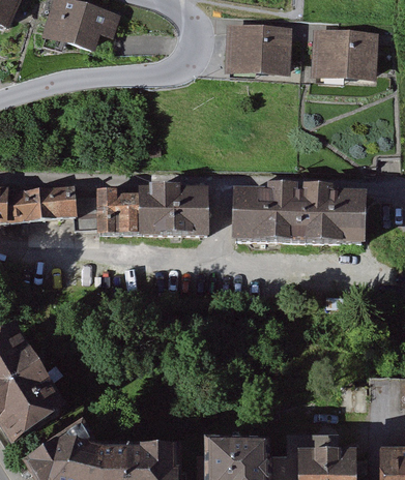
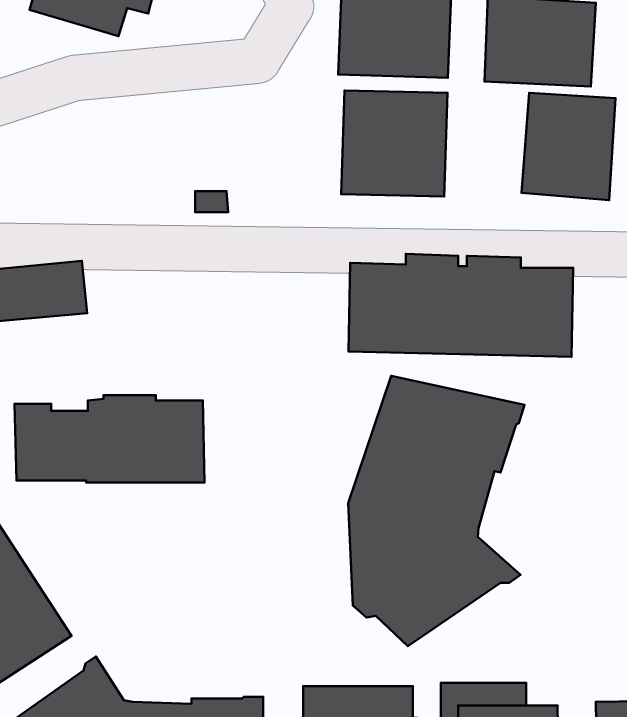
building: none -> [341,90,448,197]
building: none -> [522,93,615,200]
building: [94,182,207,234] -> [15,395,205,482]
building: none -> [348,376,525,646]

